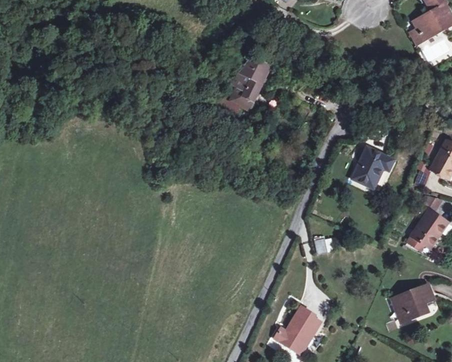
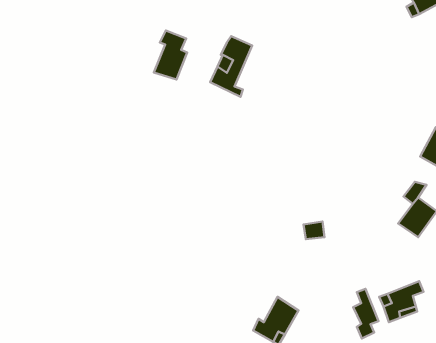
building: none -> [154,31,187,80]
building: [350,152,392,193] -> none
building: none -> [353,289,379,339]

